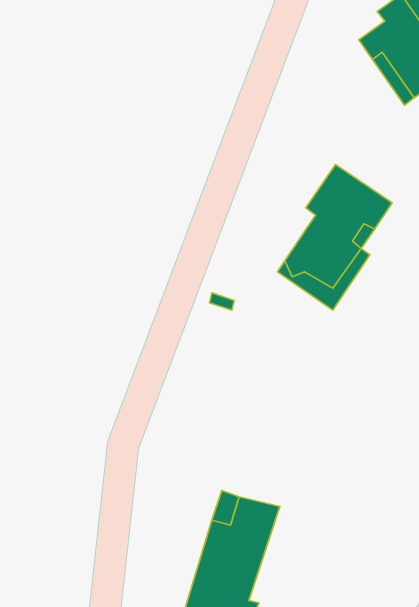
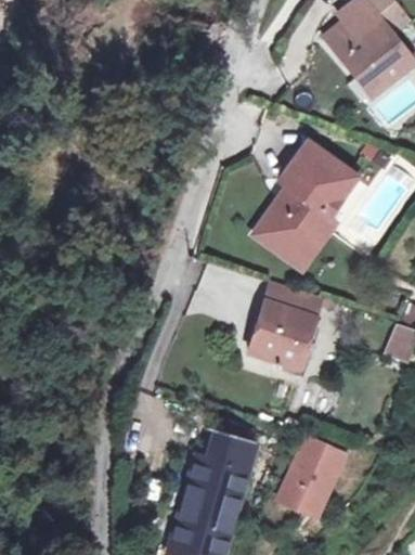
building: none -> [254,284,323,373]
building: none -> [280,437,343,509]

